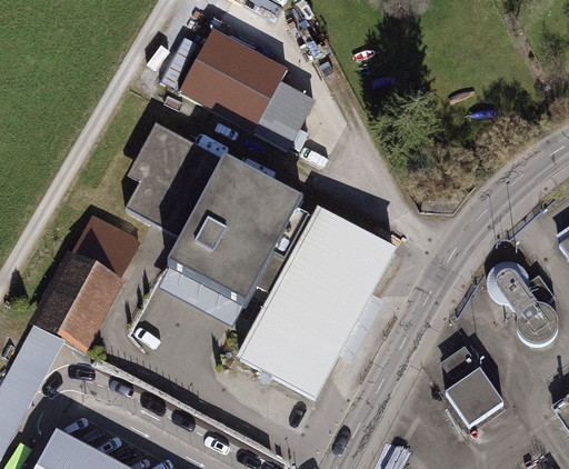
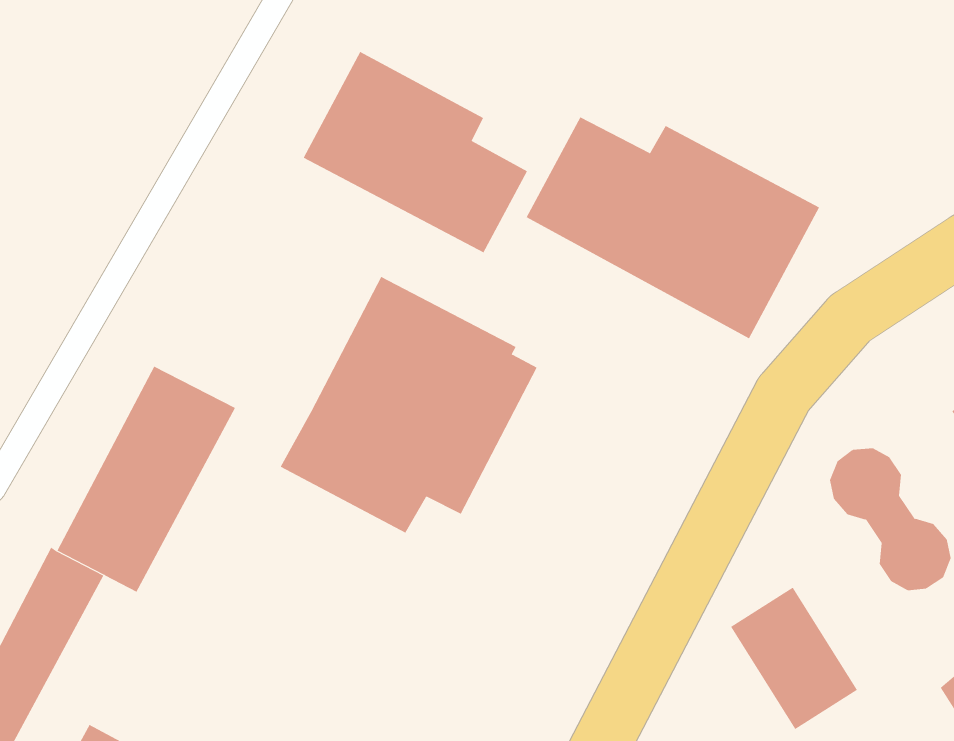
building: none -> [526,116,820,339]
building: [126,132,226,242] -> none
building: [241,212,393,398] -> none

